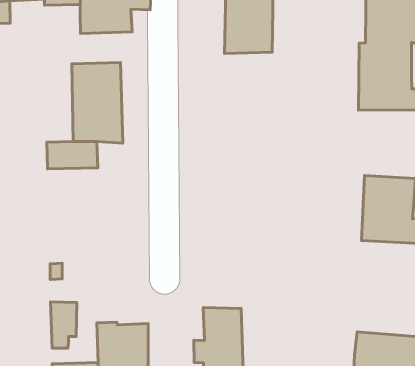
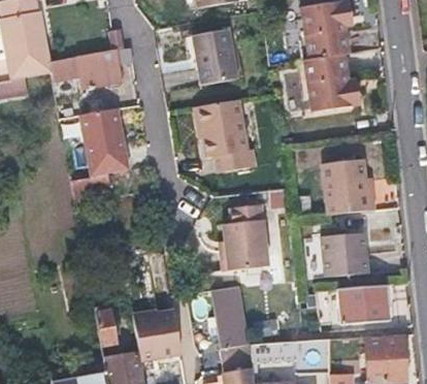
building: none -> [195,101,251,172]
building: none -> [219,205,265,271]
building: none -> [324,234,369,278]

